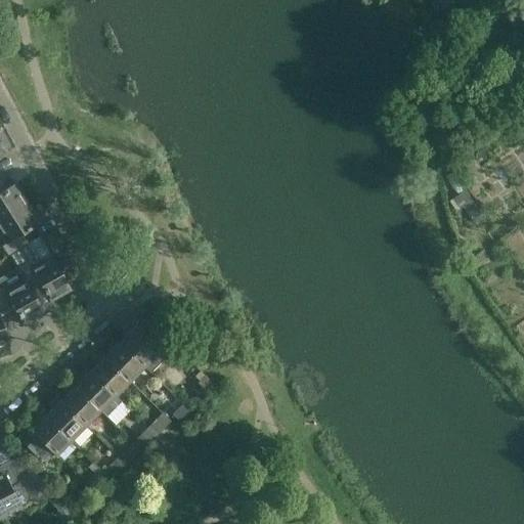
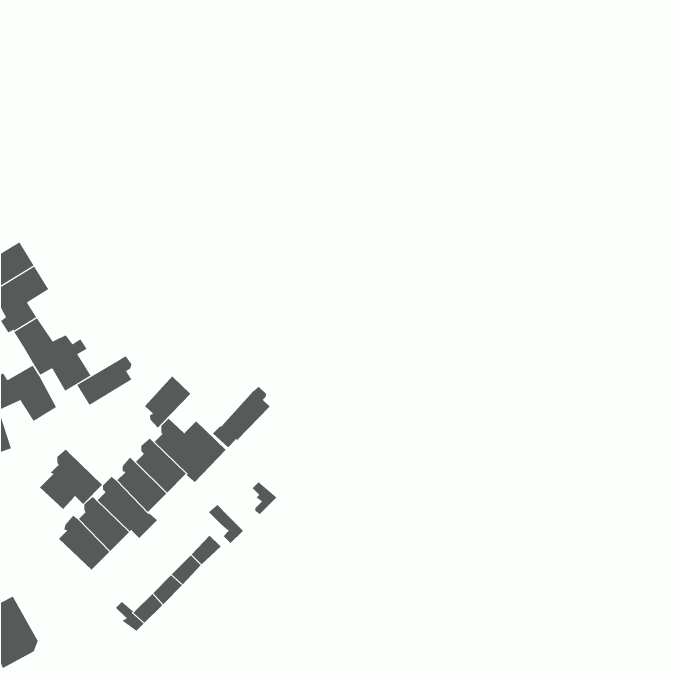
building: none -> [76,355,132,406]
building: none -> [144,375,191,429]
building: none -> [212,386,271,448]
building: [23,412,72,460] -> [39,449,103,510]

